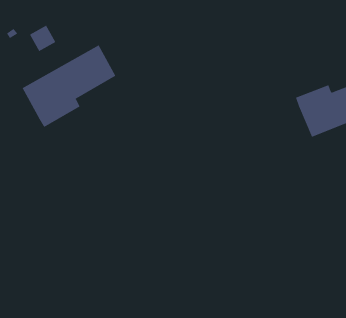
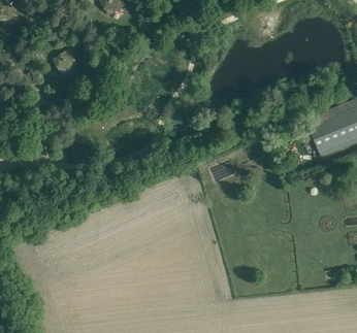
building: [22,45,116,128] -> none

